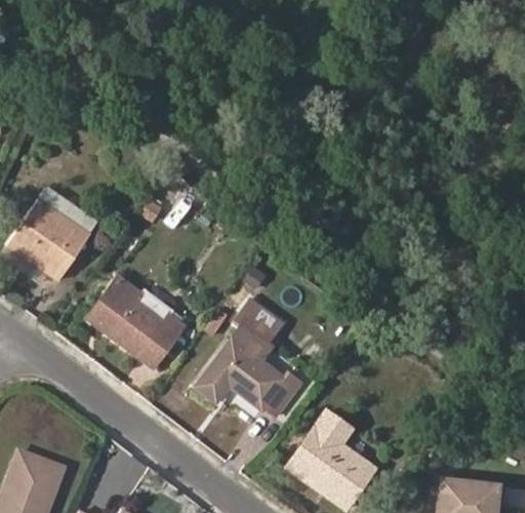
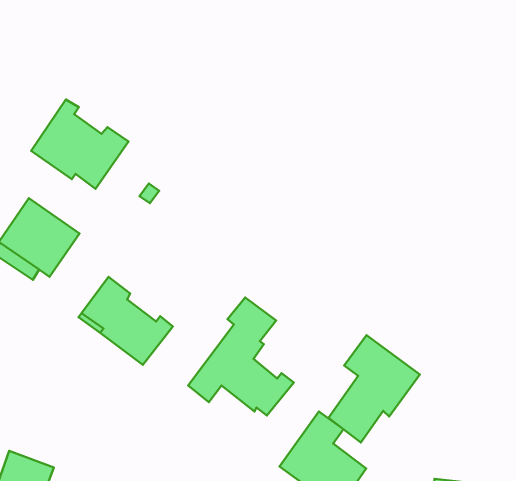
building: none -> [31,99,129,189]
building: none -> [328,335,420,442]

